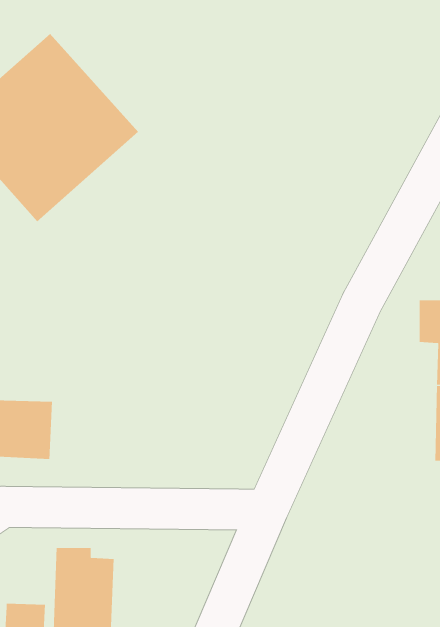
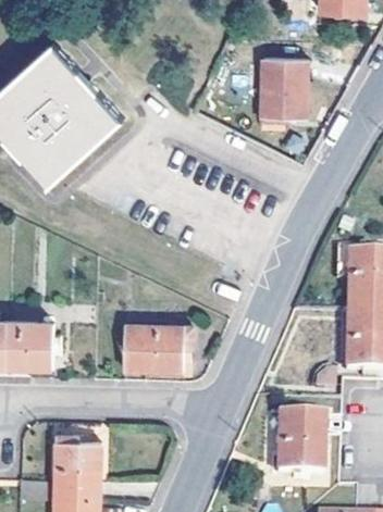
building: none -> [261,60,306,117]
building: none -> [126,323,195,371]
building: none -> [276,412,324,473]

